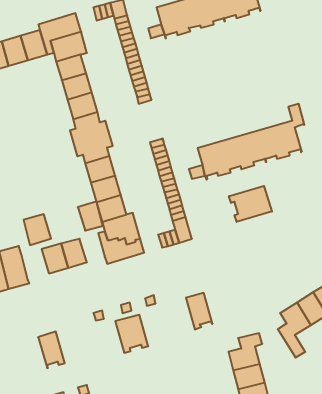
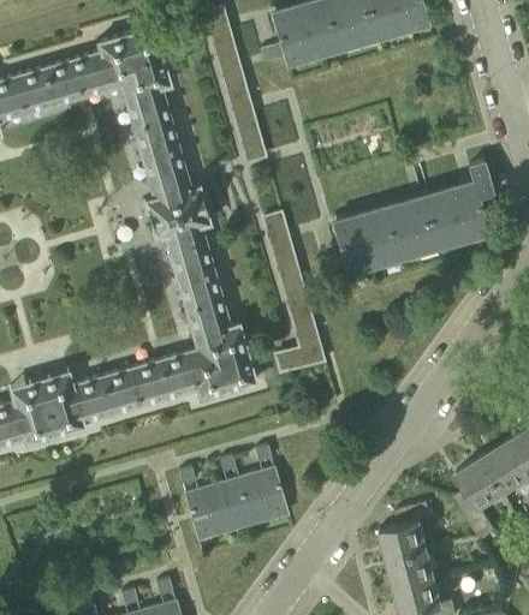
building: [229,186,272,222] -> none
building: [78,202,103,231] -> [159,353,196,396]
building: [24,214,51,245] -> [72,377,113,423]
building: [186,293,213,329] -> [248,467,287,521]
building: [38,332,65,368] -> [185,484,225,538]

